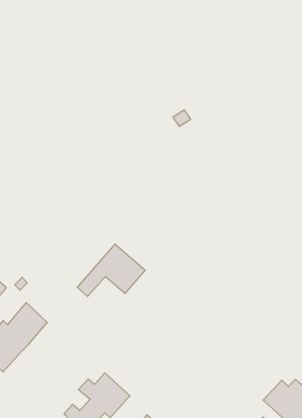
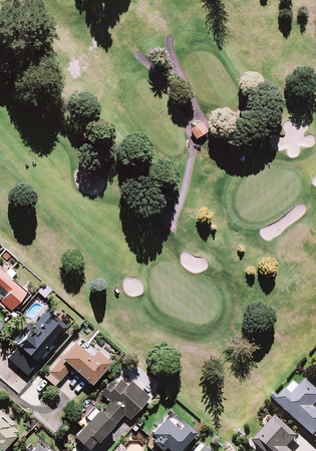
building: [77,244,145,297] -> [45,336,110,386]

